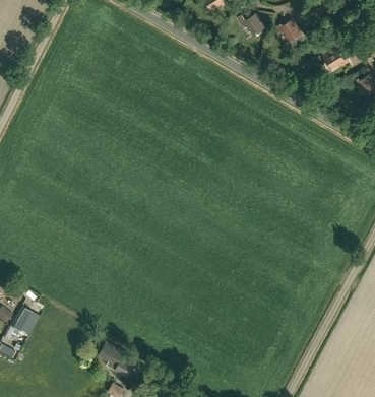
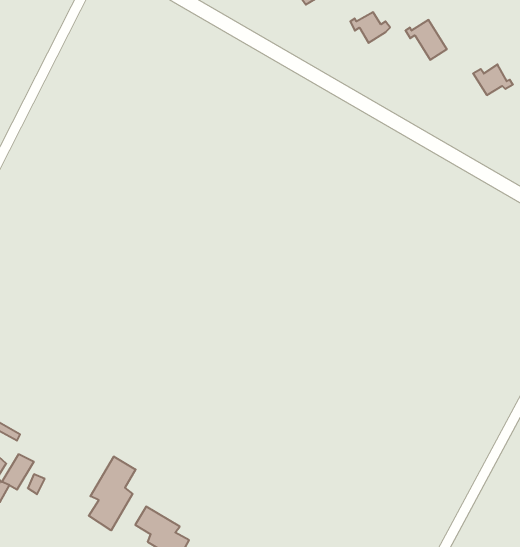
building: none -> [89,456,136,530]

